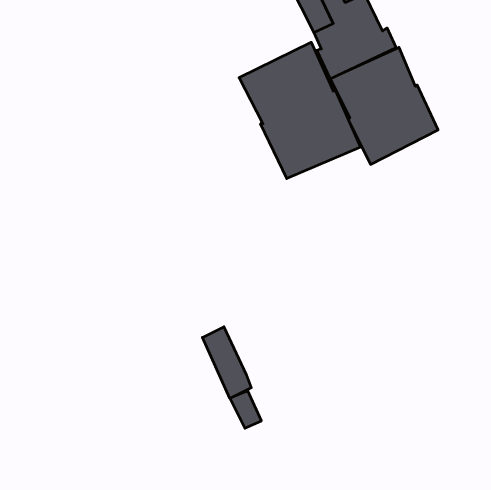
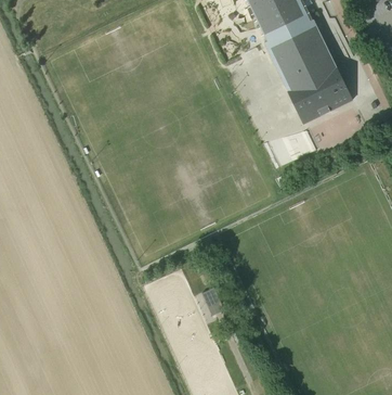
building: [239,42,361,179] -> none
building: [202,327,251,398] -> none

